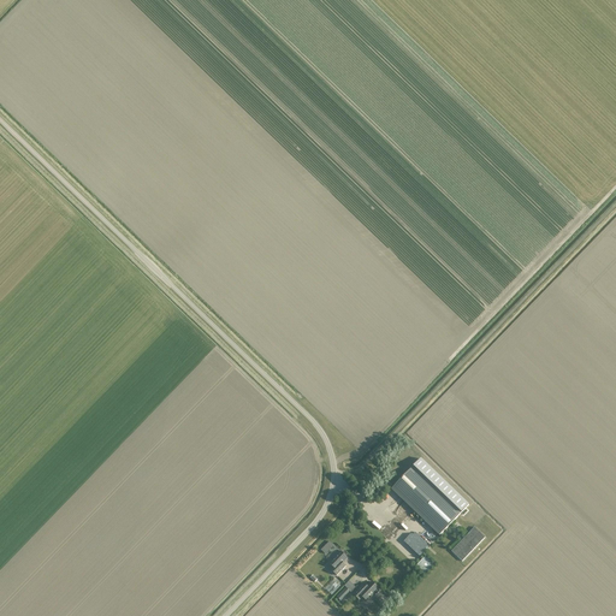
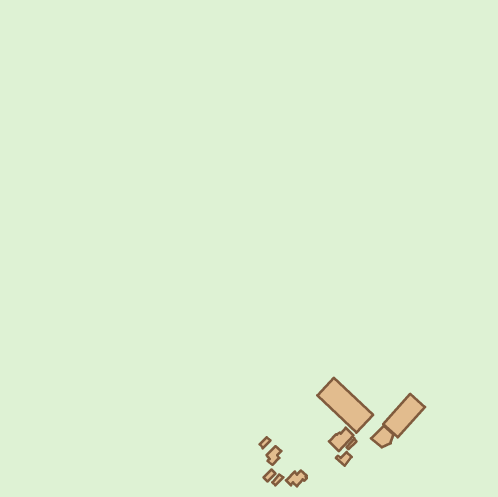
building: none -> [383,394,425,437]

